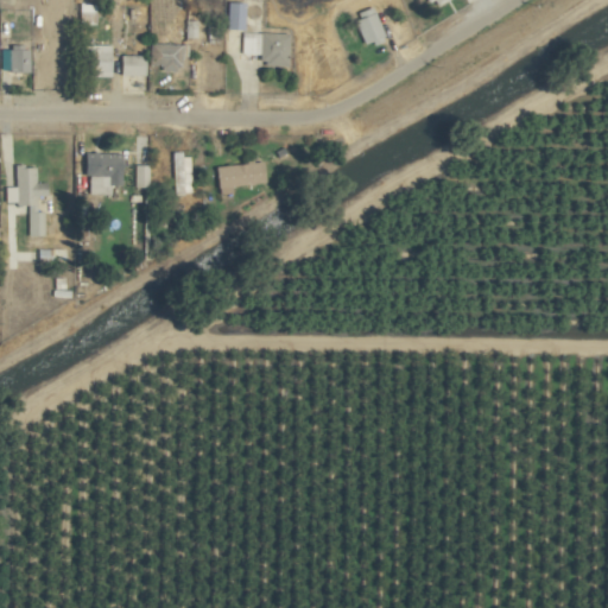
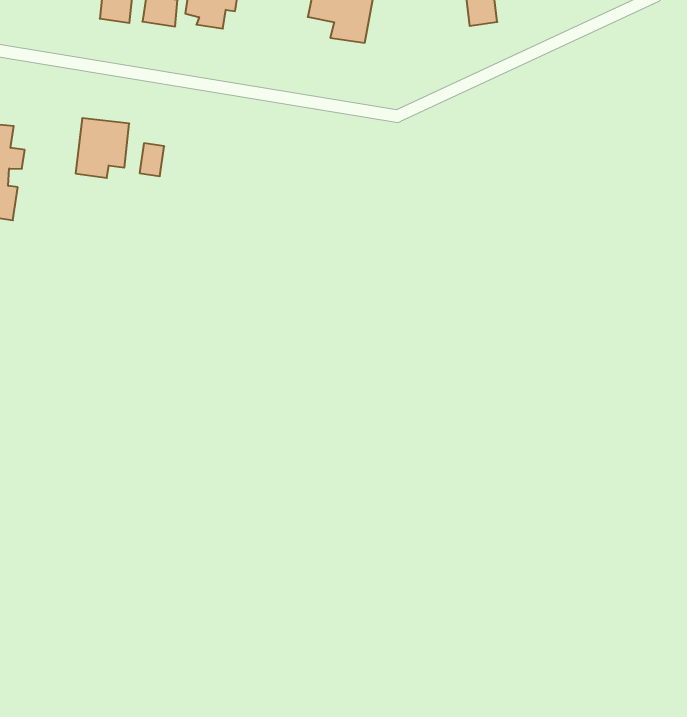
building: [175,154,194,195] -> none
building: [217,162,266,195] -> none

